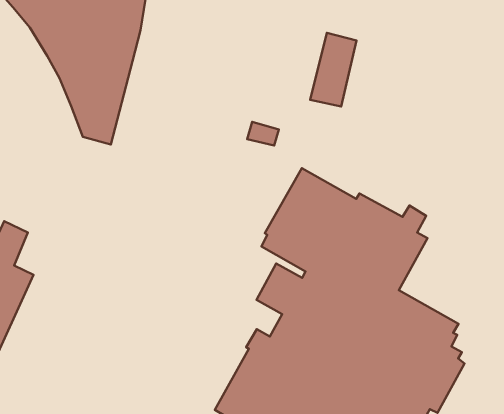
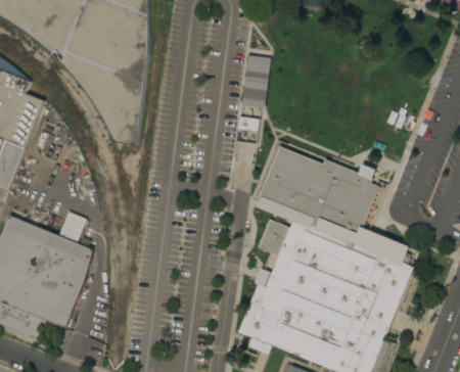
building: [310,33,356,107] -> [239,54,268,107]

